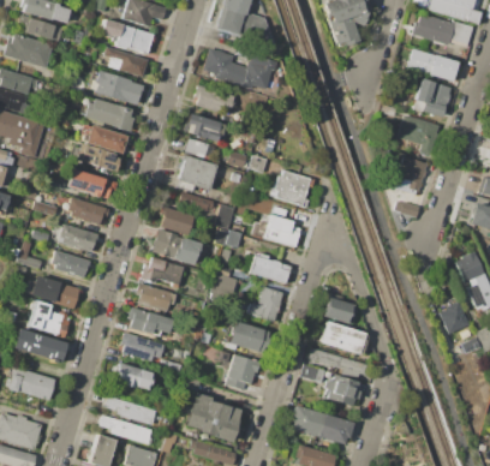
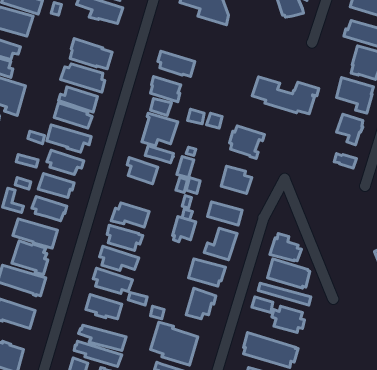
building: [104,47,149,77] -> none
building: [203,48,279,90] -> [252,77,319,114]
building: [153,228,202,264] -> none

